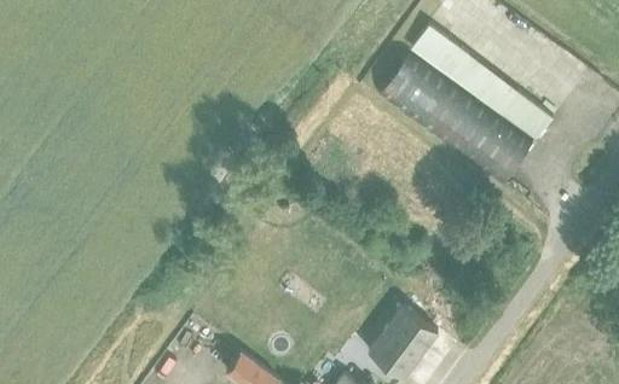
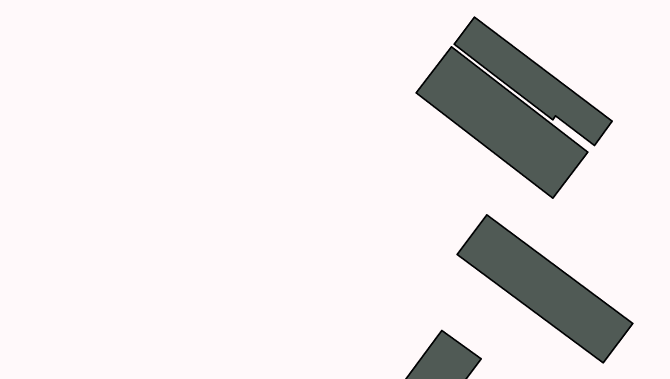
building: none -> [457,215,633,363]

